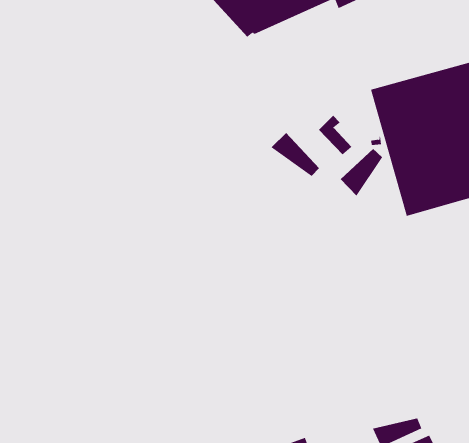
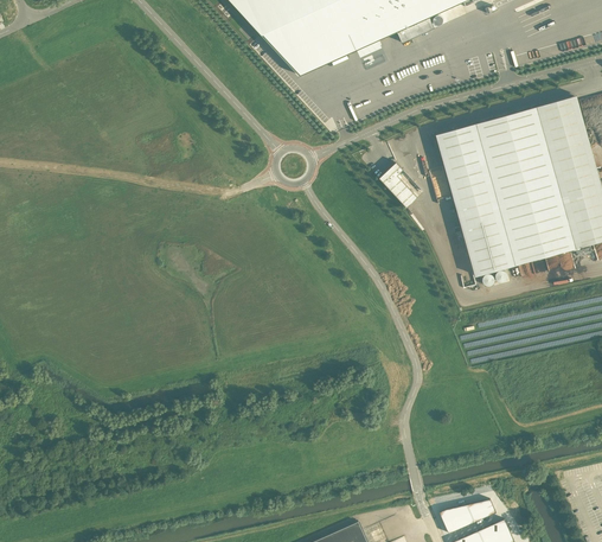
building: [270,132,320,177] -> none
building: [340,148,383,197] -> none

